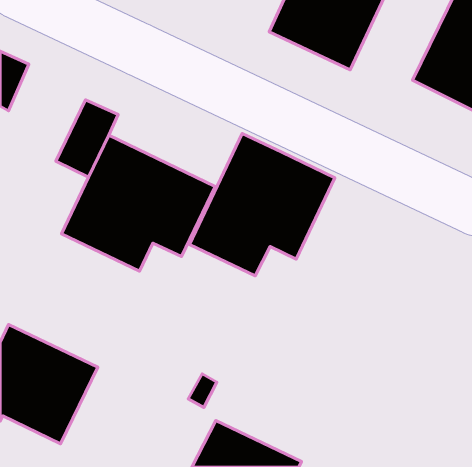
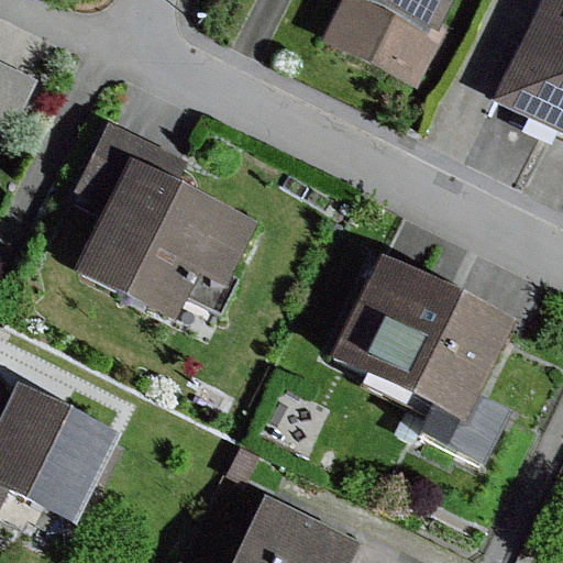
building: [190,134,335,276] -> none
building: none -> [331,261,509,462]

